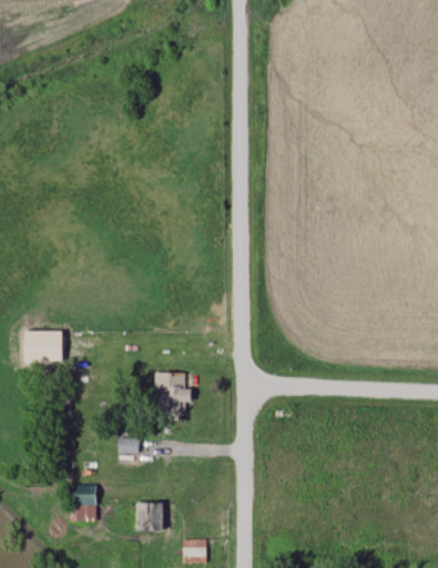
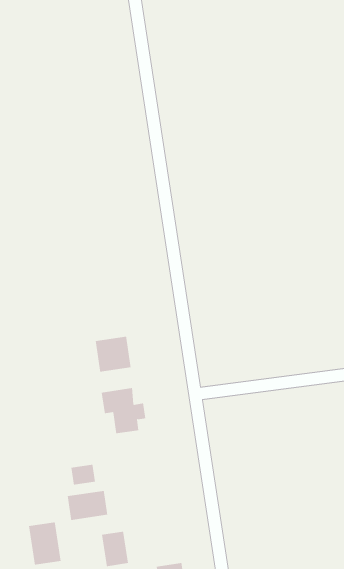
building: none -> [95,336,131,372]
building: none -> [67,490,108,521]

